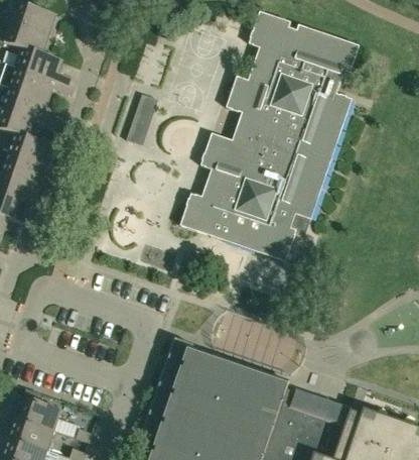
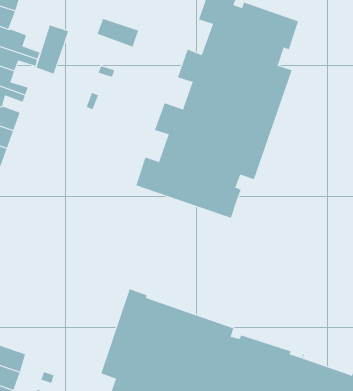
building: none -> [97,18,139,47]
building: none -> [36,24,69,74]

